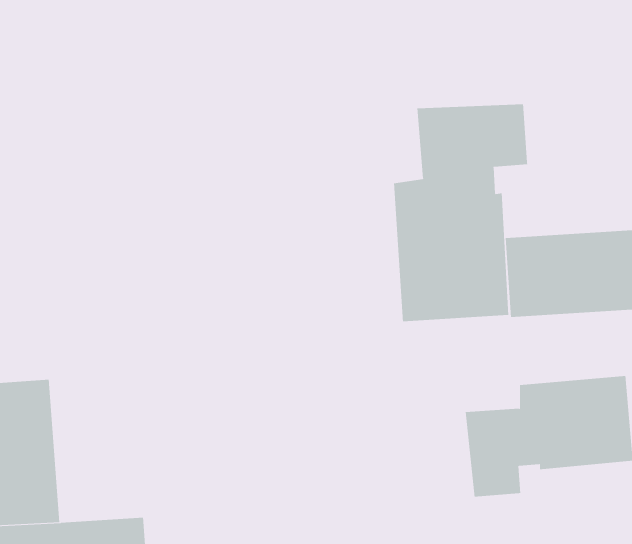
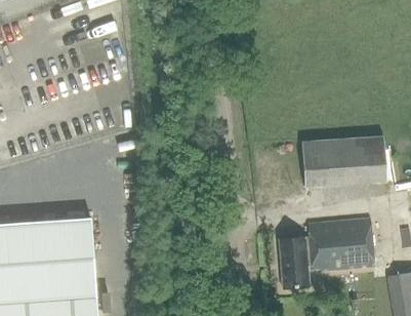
building: [394,103,528,322] -> none
building: none -> [43,219,96,303]

